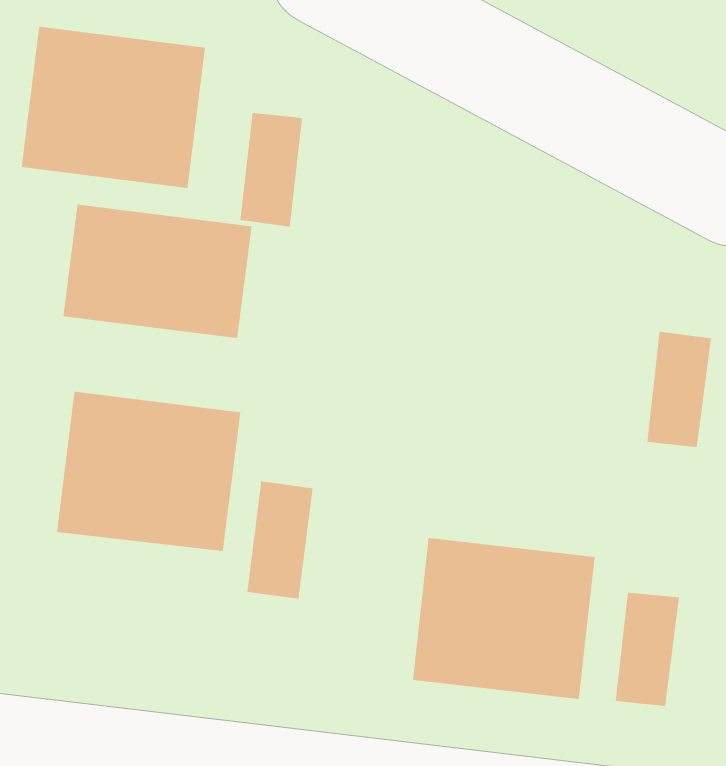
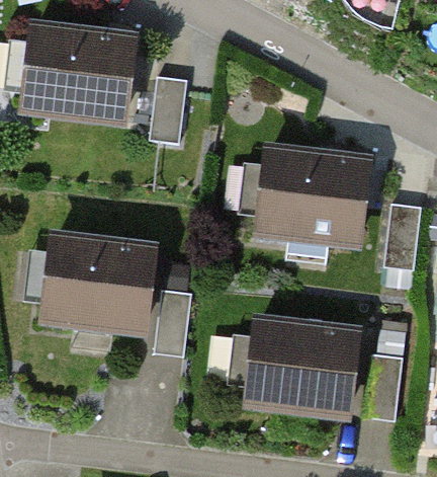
building: [63,204,252,339] -> none
building: none -> [260,150,365,243]

